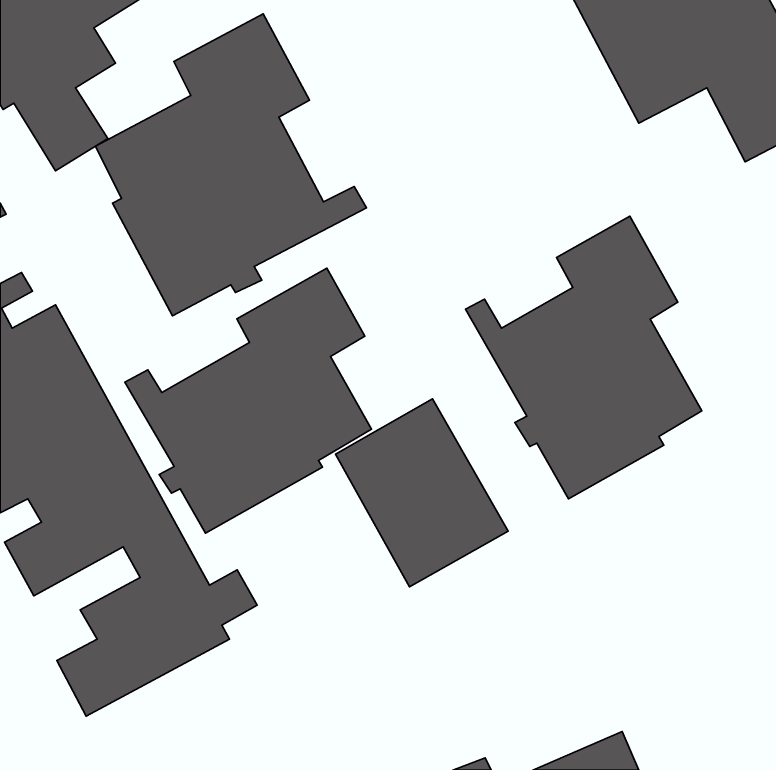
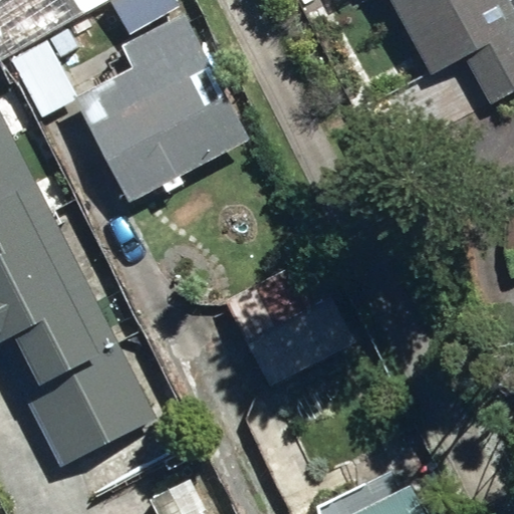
building: [465,216,702,499] -> none
building: [125,268,372,533] -> none

